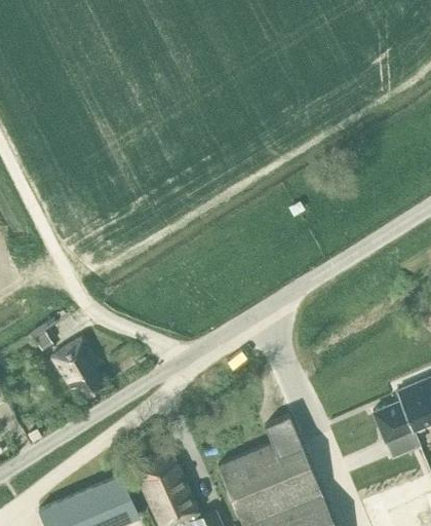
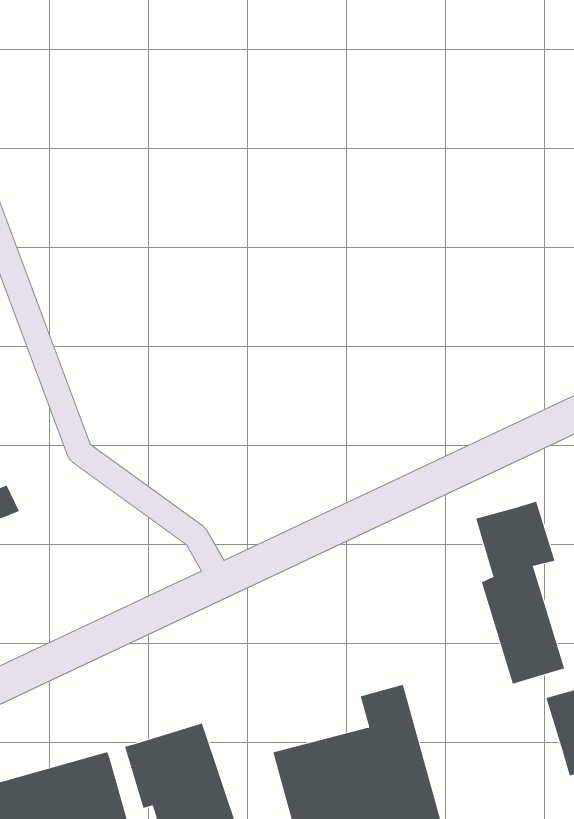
building: none -> [475,501,565,684]
building: [51,340,106,403] -> none

